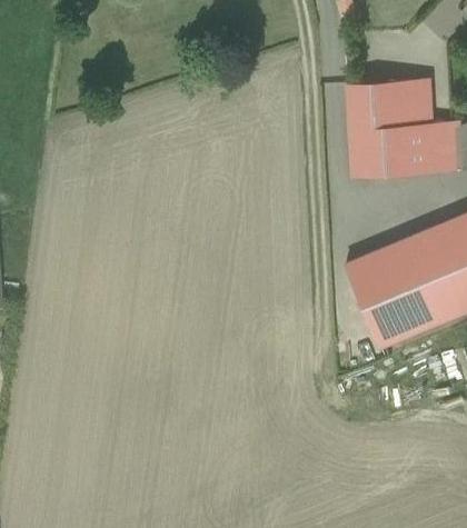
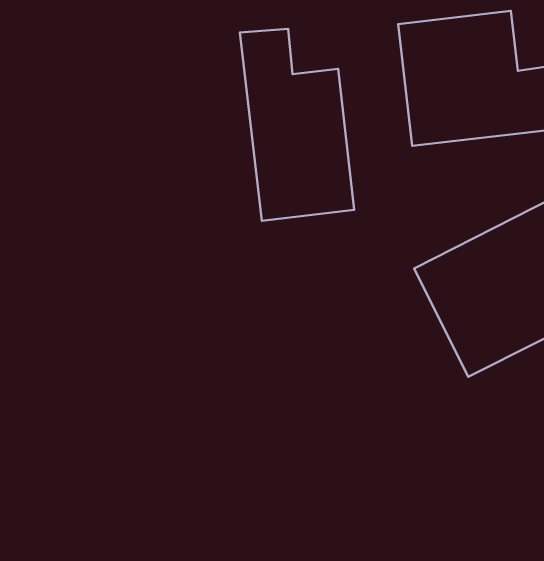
building: none -> [240,29,354,221]

